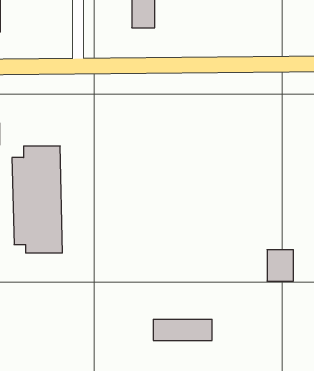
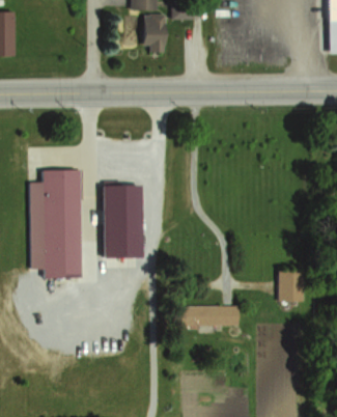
building: none -> [99,184,138,255]
building: [153,319,212,340] -> [184,306,242,327]

